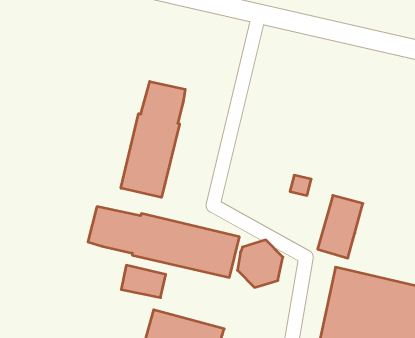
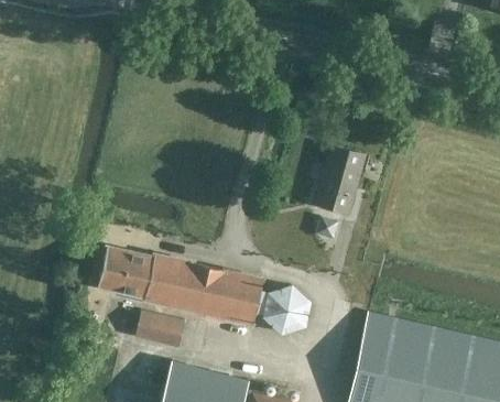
building: [121,81,185,197] -> none
building: [318,195,363,258] -> [315,145,365,214]

